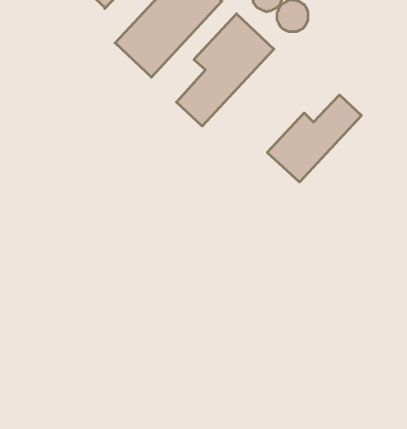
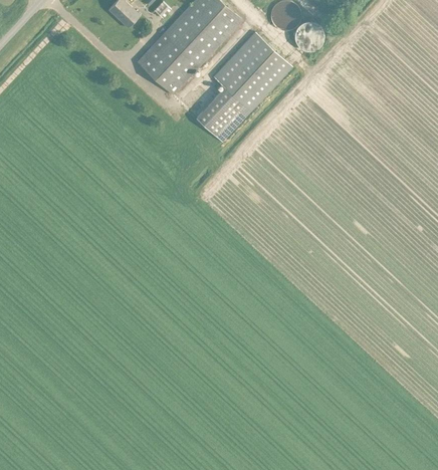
building: [267,95,361,182] -> none

